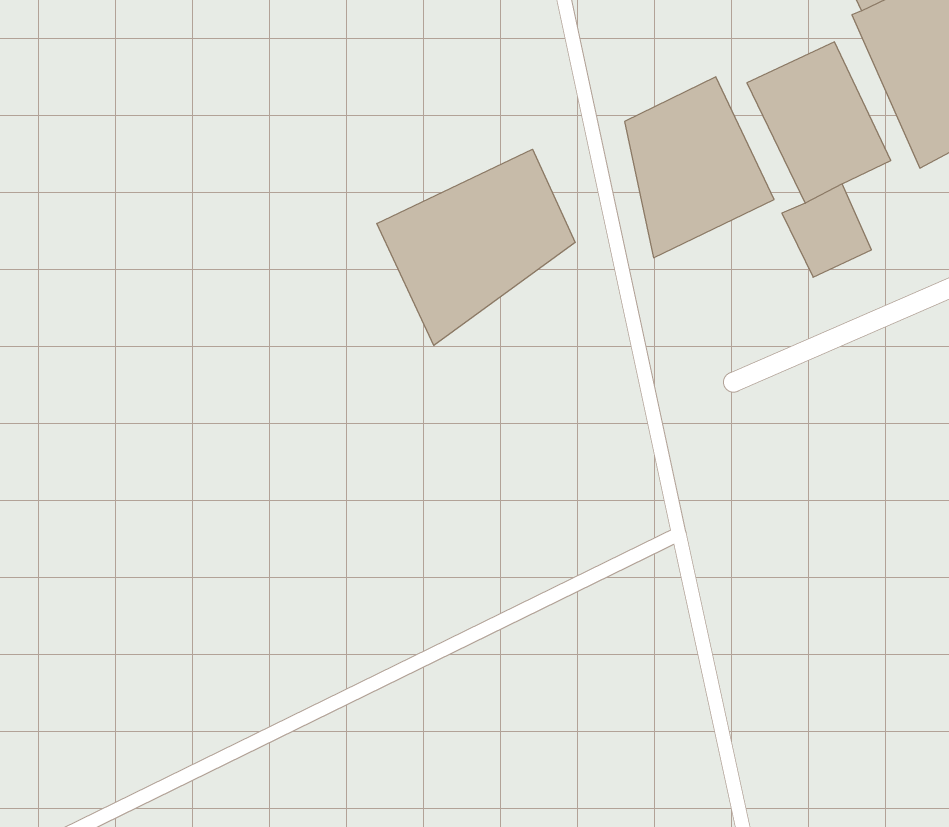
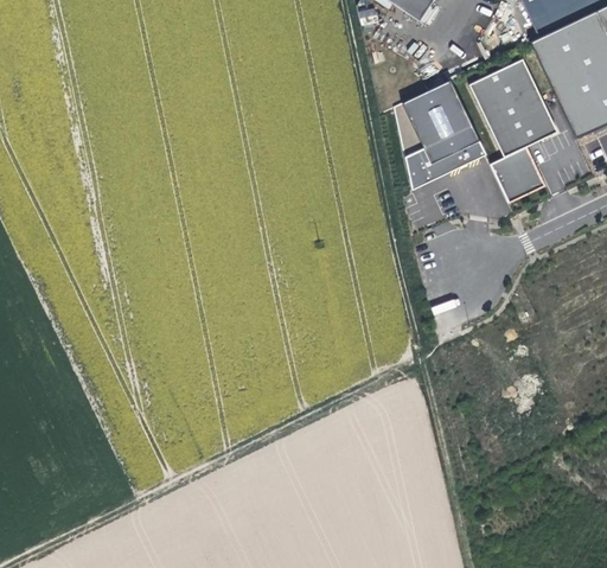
building: [377,149,575,346] -> none

